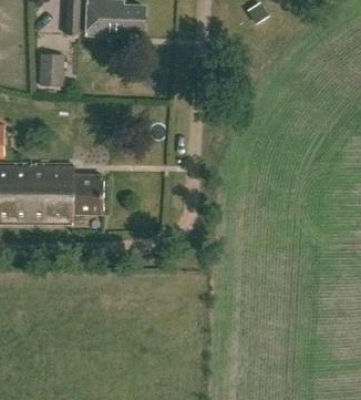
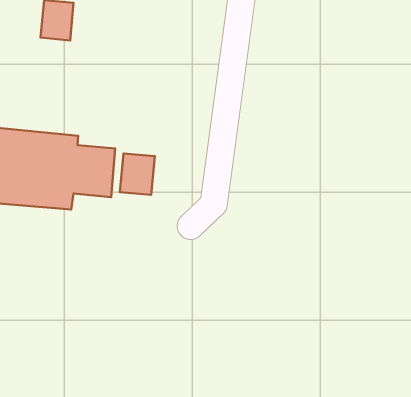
building: none -> [120,153,155,195]

